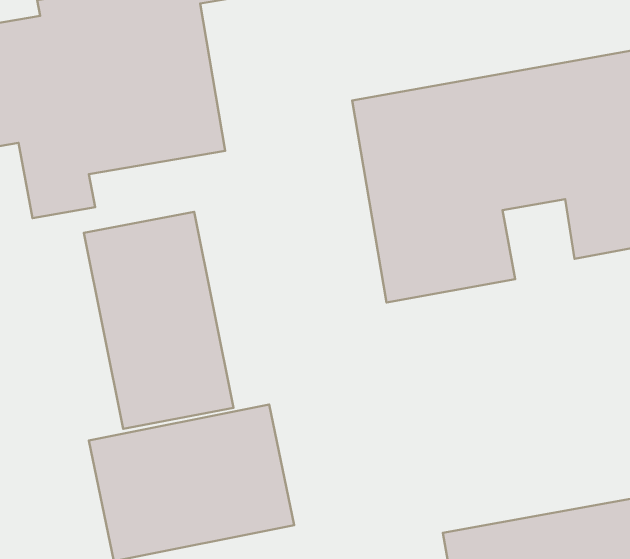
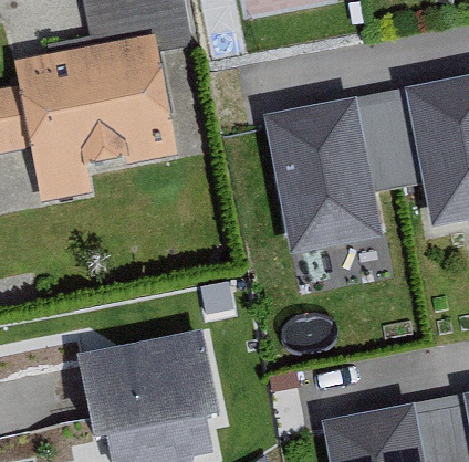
building: [84,212,233,429] -> none

